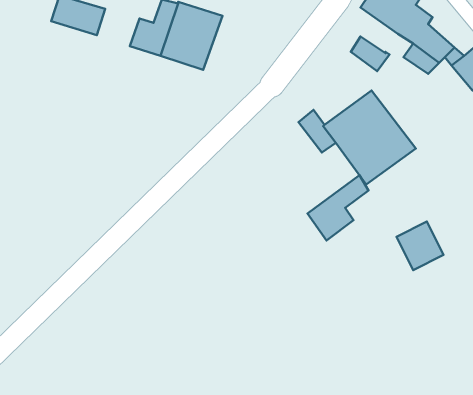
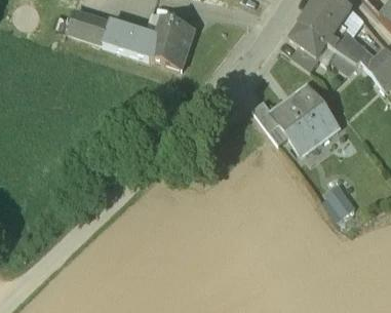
building: none -> [101,23,132,51]
building: none -> [288,24,324,56]
building: [307,175,368,241] -> none

